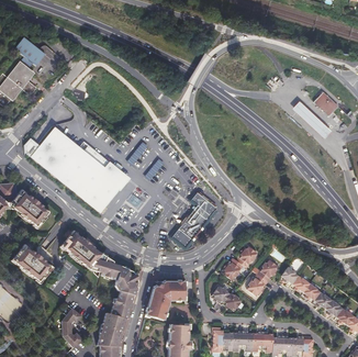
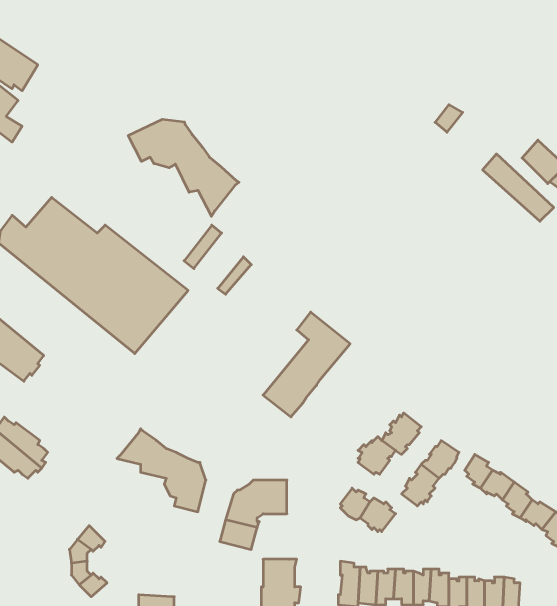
building: none -> [128,119,239,216]
building: [64,233,101,268] -> none
building: [98,295,134,347] -> none

